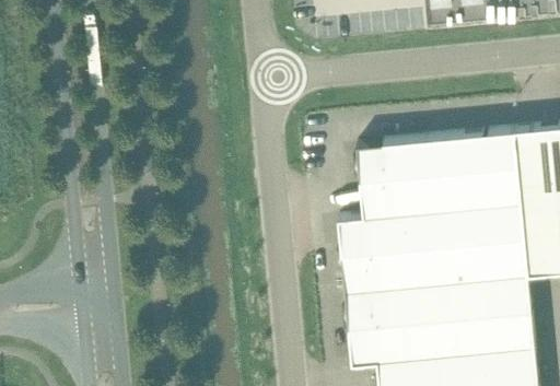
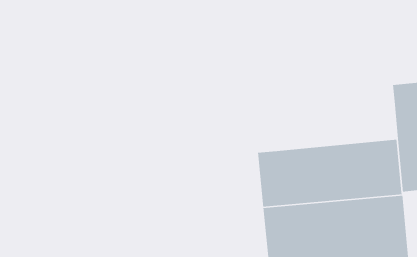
building: [358,133,522,220] -> none

